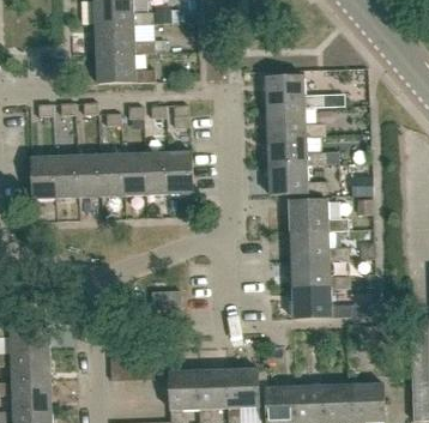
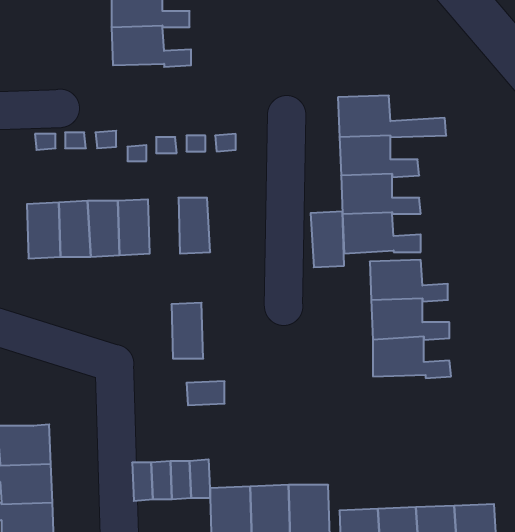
building: [96,52,155,83] -> none
building: [167,151,192,193] -> [311,211,344,267]
building: [122,152,146,194] -> [171,303,203,359]
building: [291,285,351,318] -> none

